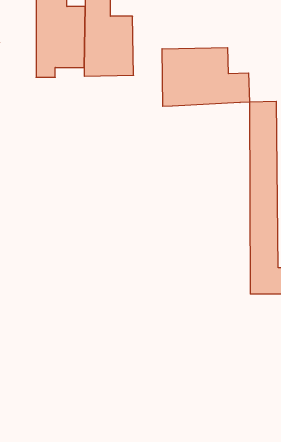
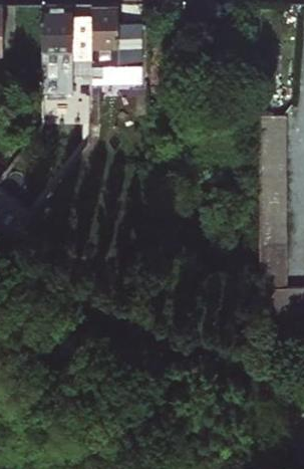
building: [162,48,250,106] -> none

